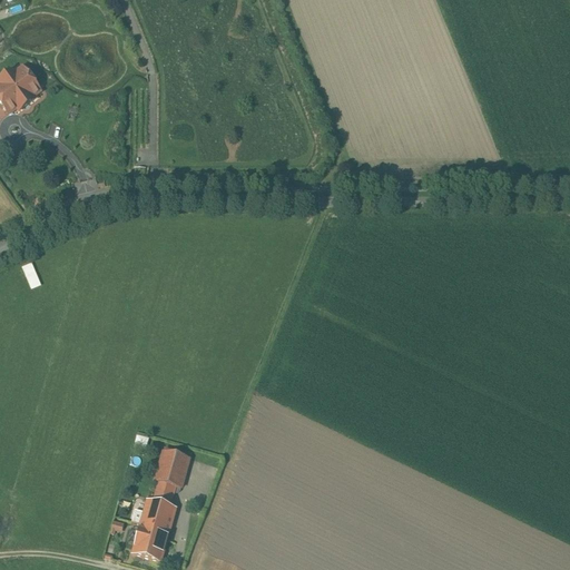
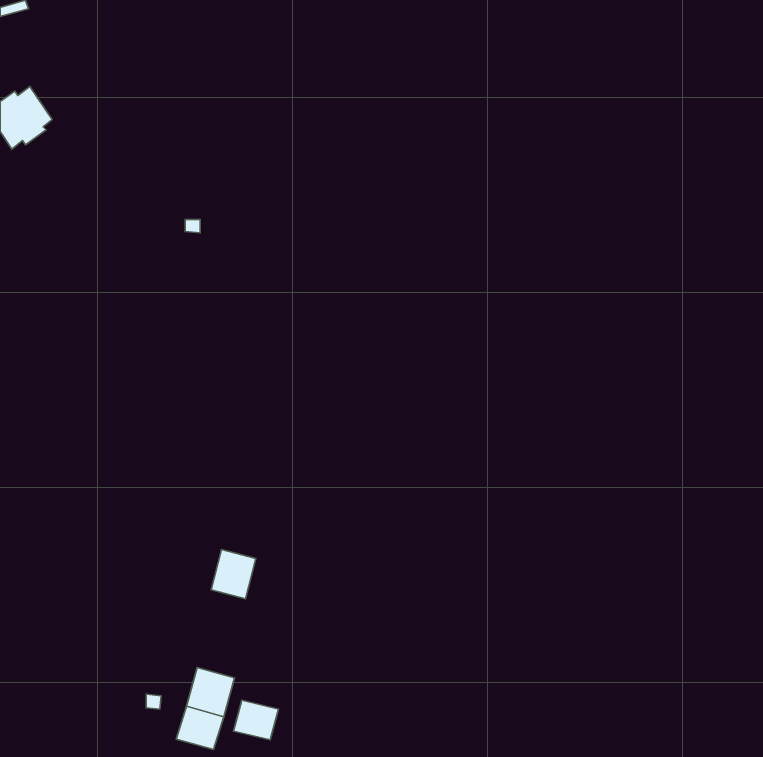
building: [155,449,188,485] -> [211,549,256,599]
building: none -> [233,700,278,740]

